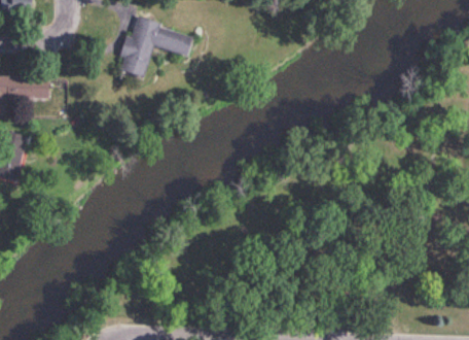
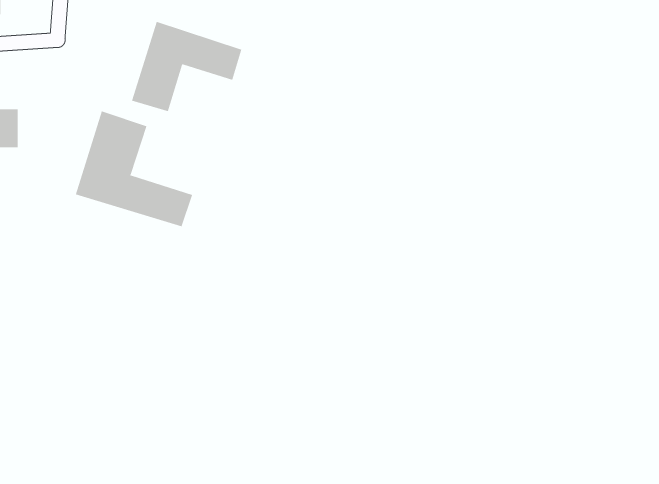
building: none -> [75,111,193,227]

